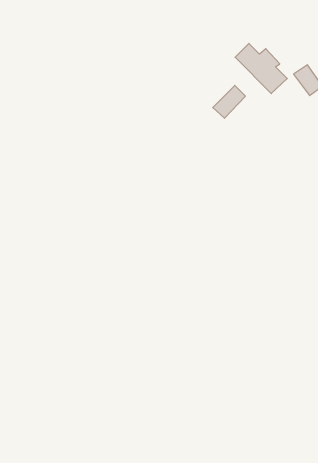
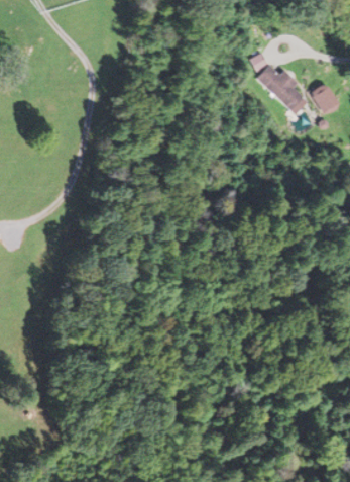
building: [213,85,245,118] -> none

